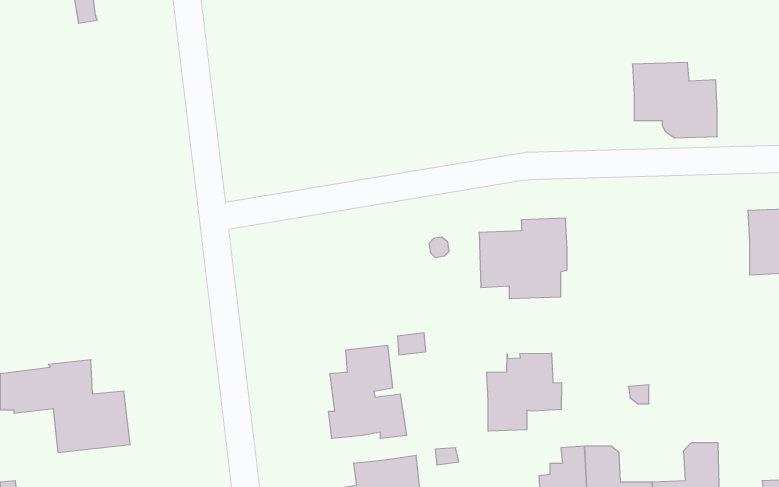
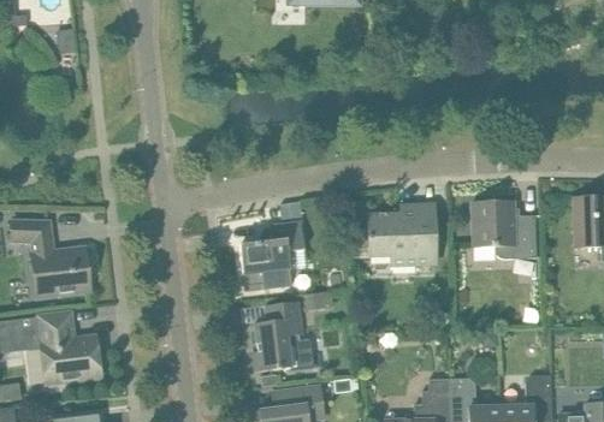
building: [632,62,717,138] -> [472,201,537,258]
building: none -> [16,220,90,297]
building: none -> [241,221,304,287]
building: [487,353,561,431] -> none

